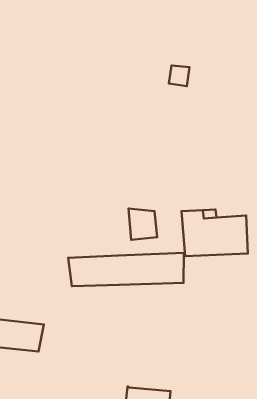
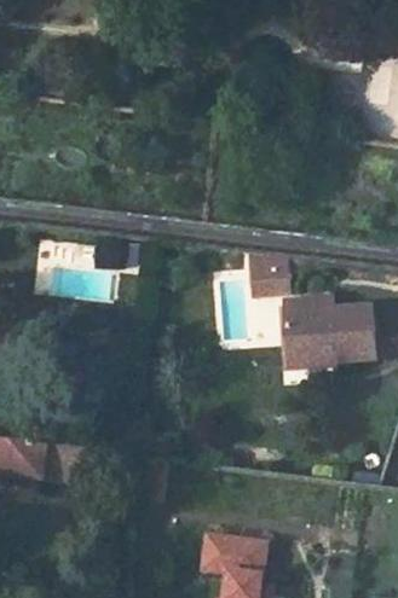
building: [128,208,157,240] -> [249,254,288,296]
building: [68,253,184,286] -> none

